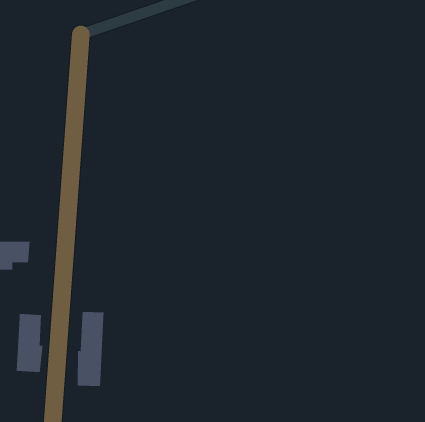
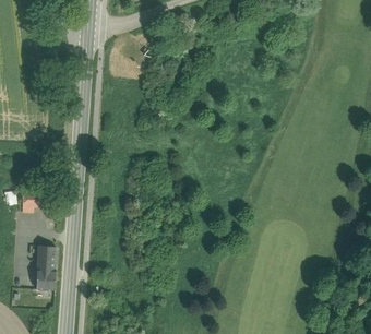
building: [77,311,104,387] -> none

